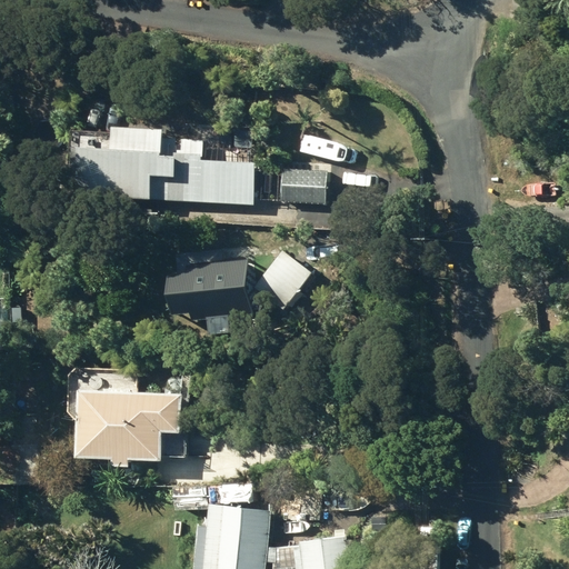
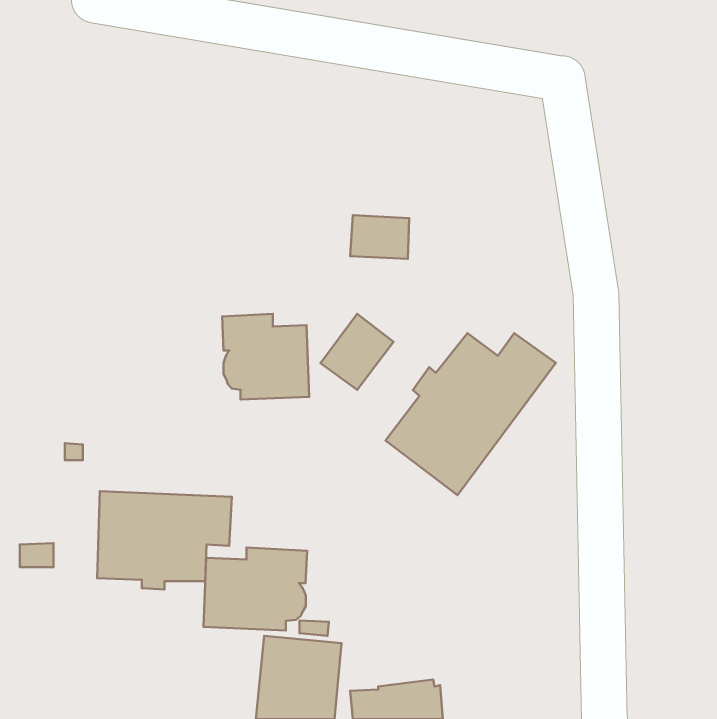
building: [67,129,251,207] -> none
building: none -> [386,333,556,495]
building: none -> [203,547,307,630]

